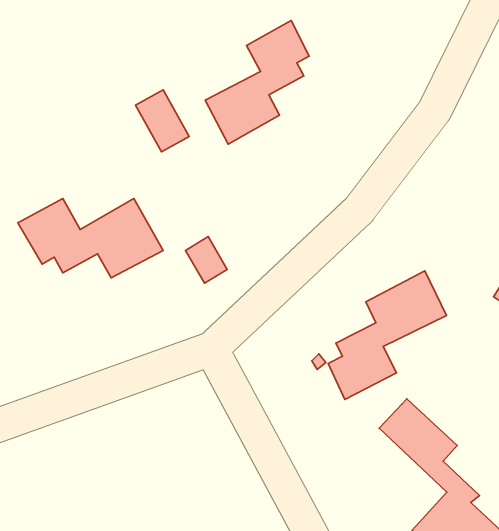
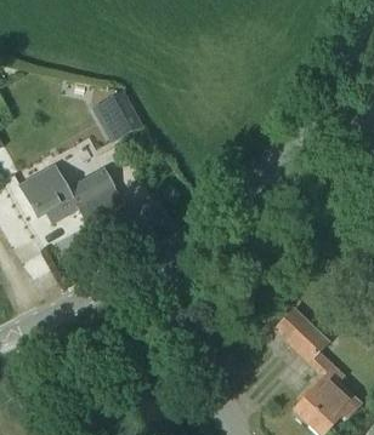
building: [205,21,309,144] -> none
building: [328,271,446,399] -> none

